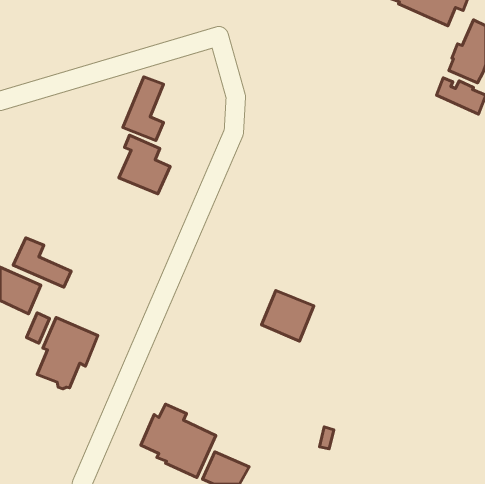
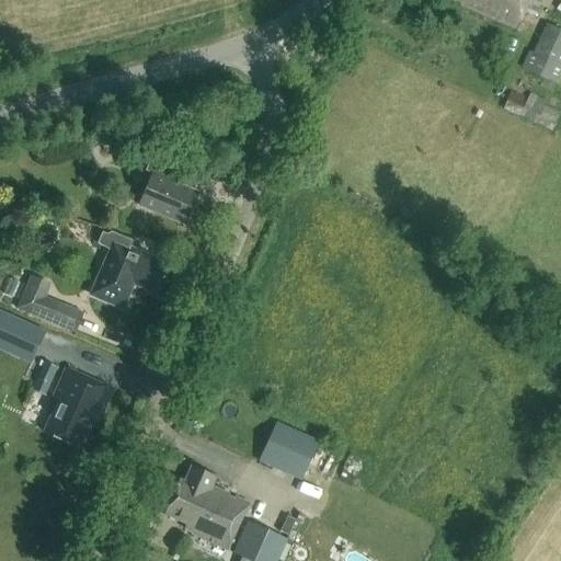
building: [123,77,164,141] -> none
building: none -> [92,230,168,304]
building: [262,291,314,341] -> [260,420,320,478]

